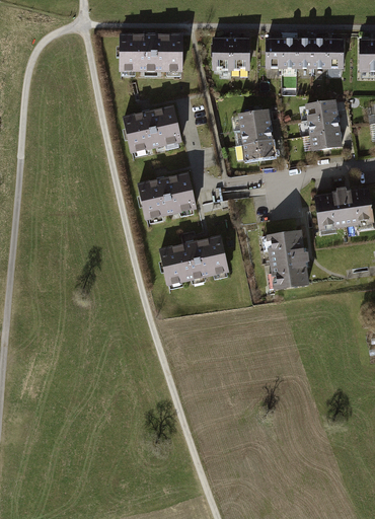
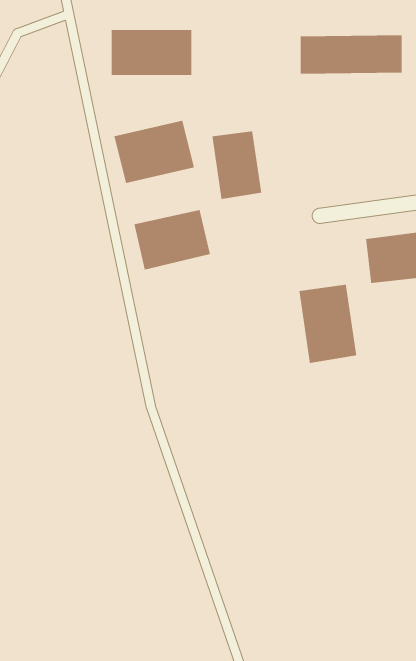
building: [210,38,249,72] -> none
building: [305,100,343,151] -> none
building: [237,109,276,162] -> [212,131,262,200]
building: [158,233,231,288] -> none

